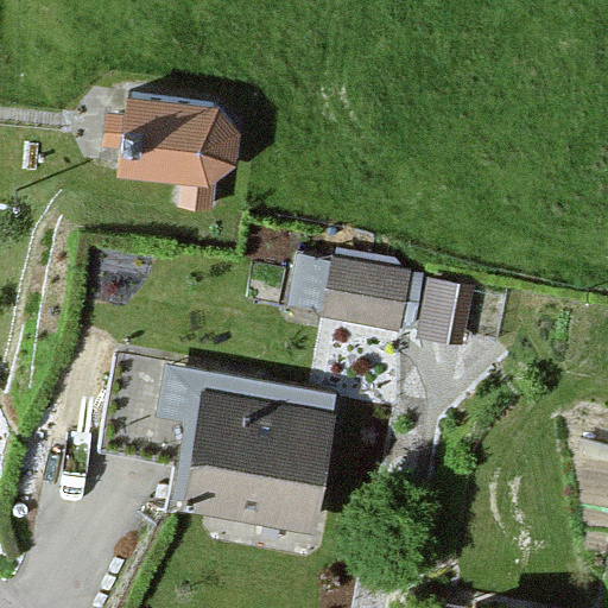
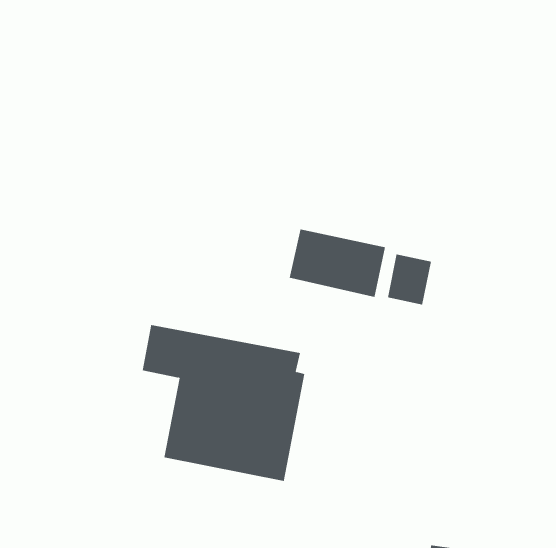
building: [115,88,243,209] -> none

